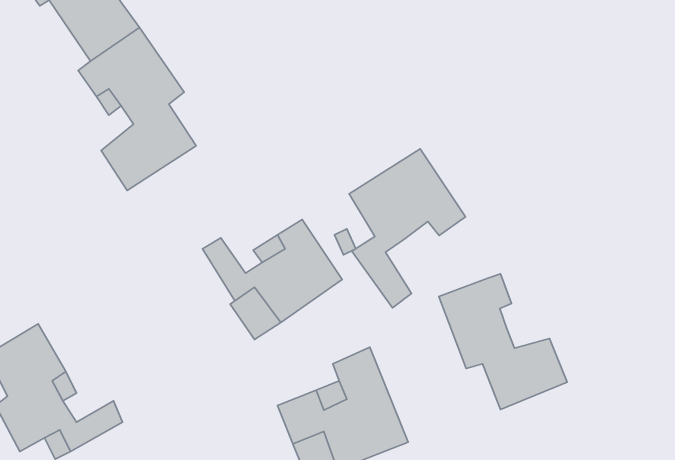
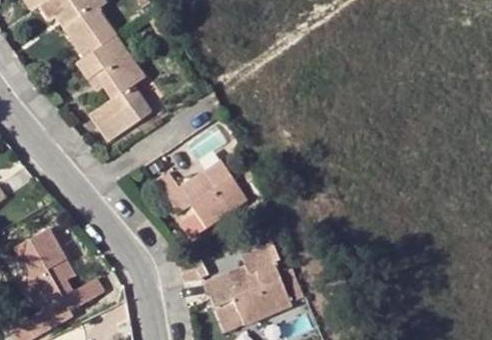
building: [349,149,466,308] -> none
building: [439,274,567,410] -> none

